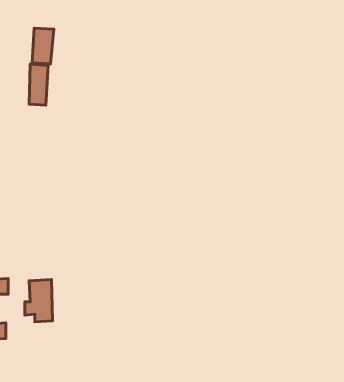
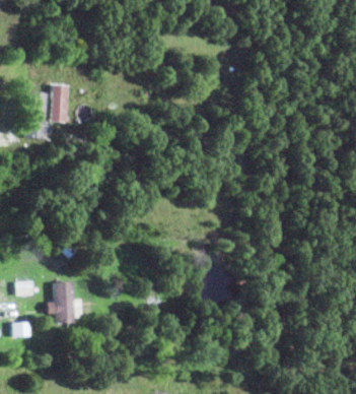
building: [32,28,54,64] -> none

